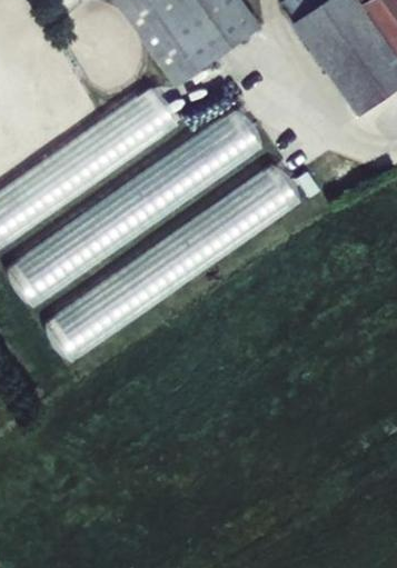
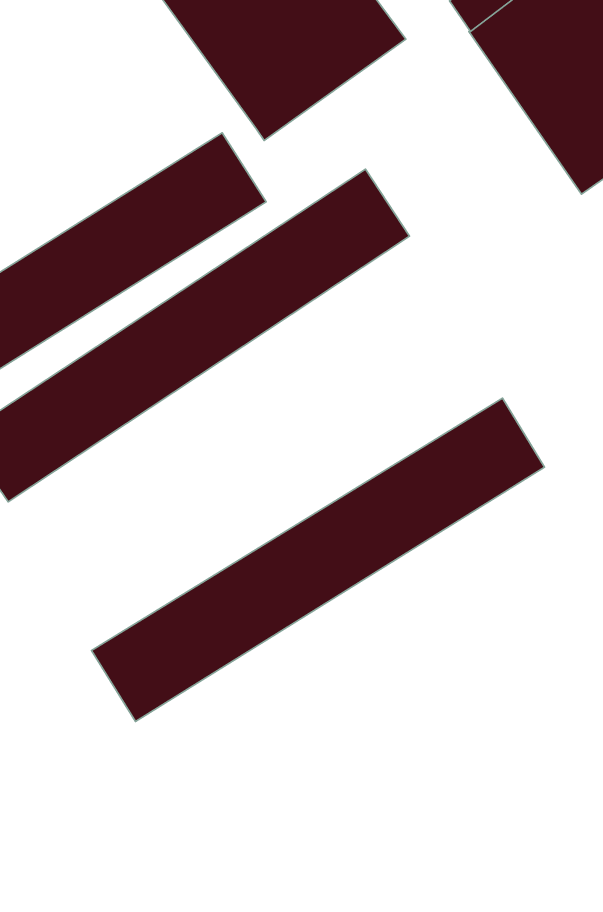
building: [38,168,301,356] -> [92,398,544,721]

